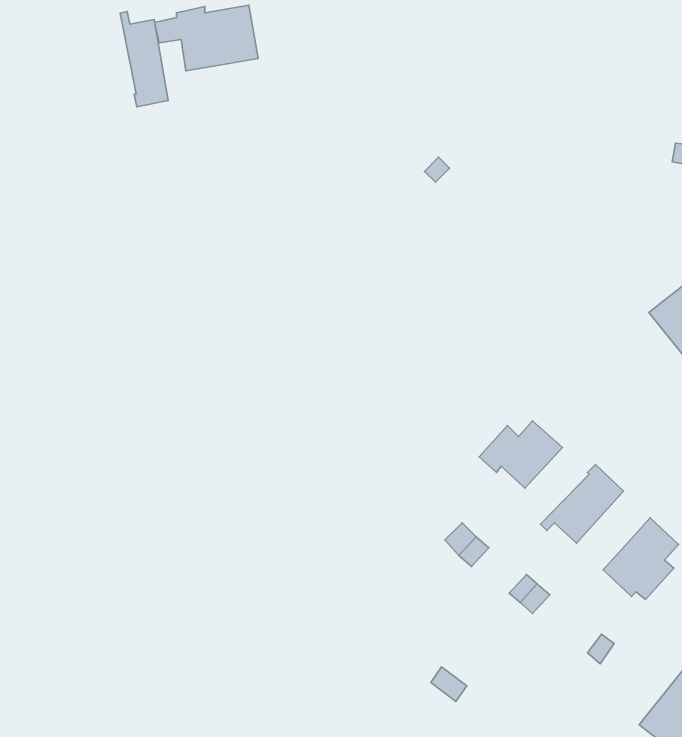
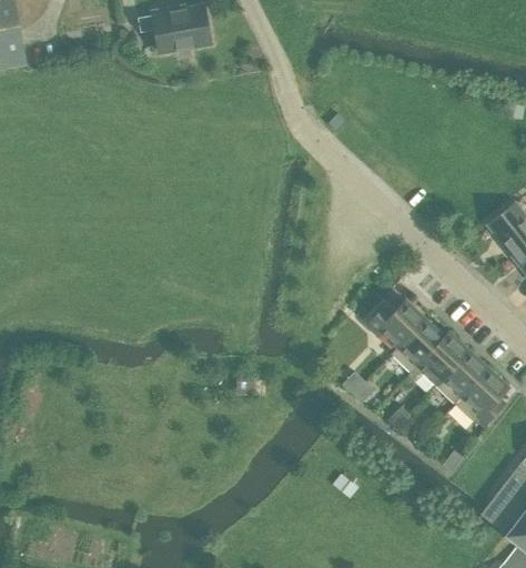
building: [120,12,168,107] -> none
building: none -> [392,318,445,373]
building: none -> [436,349,488,405]

